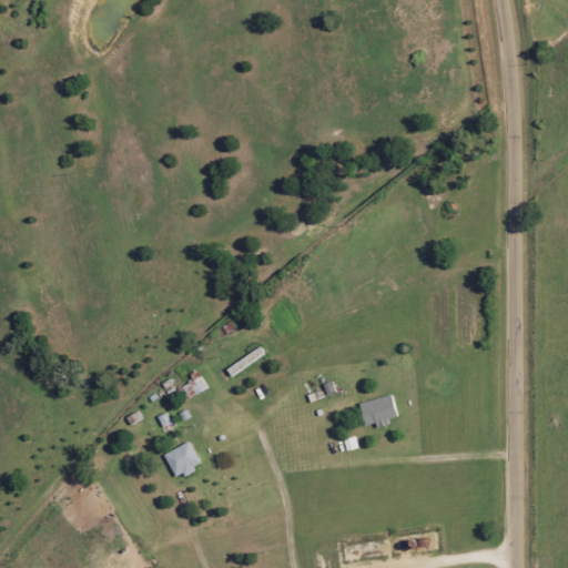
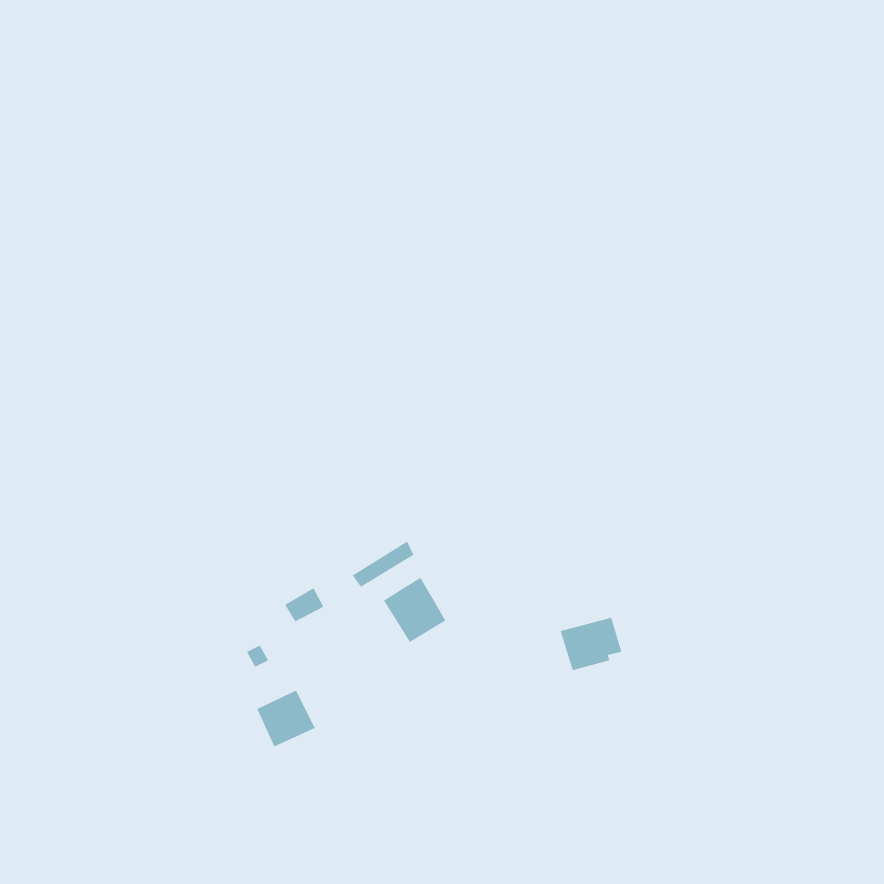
building: none -> [383,577,446,643]

